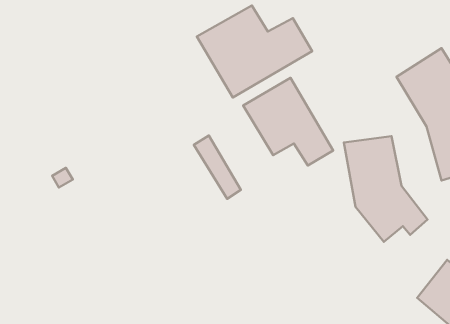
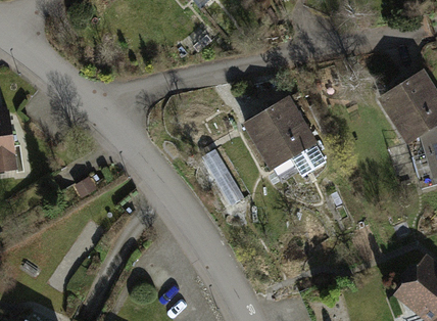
building: [197,5,312,98] -> none
building: [344,136,428,242] -> none

